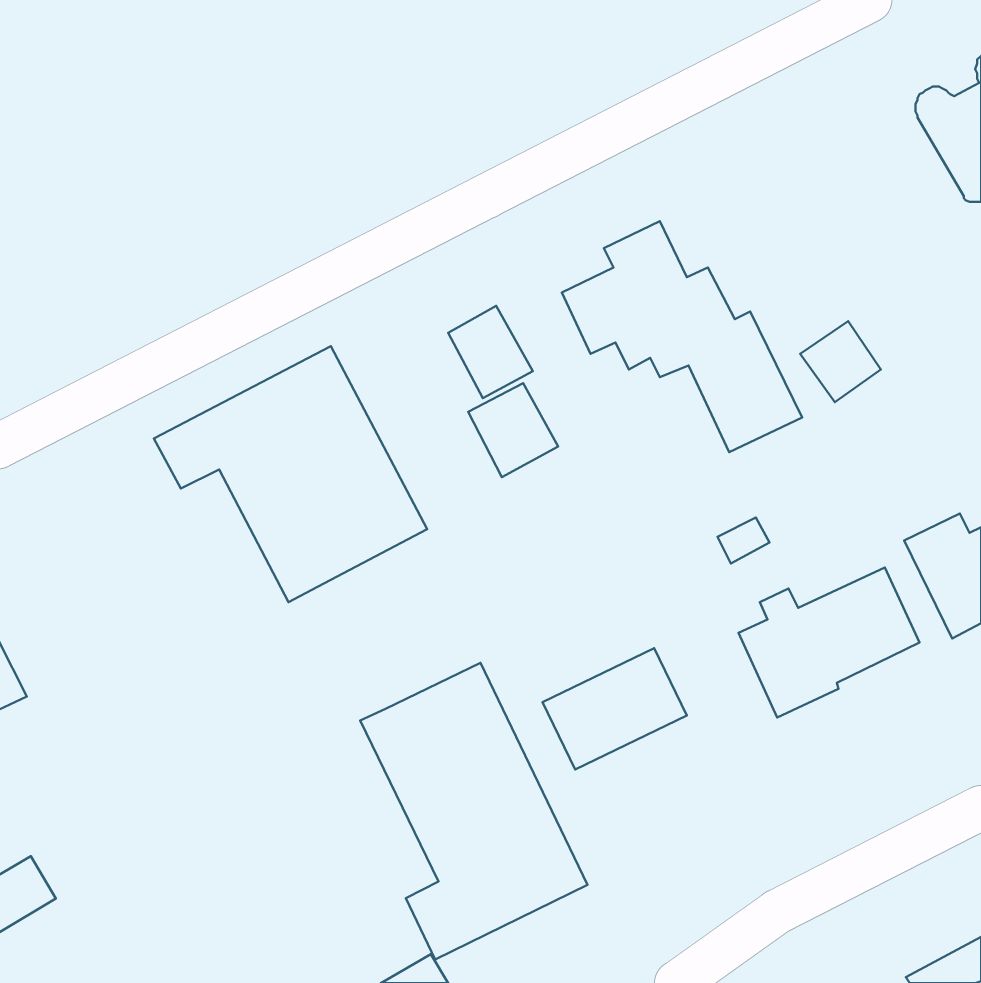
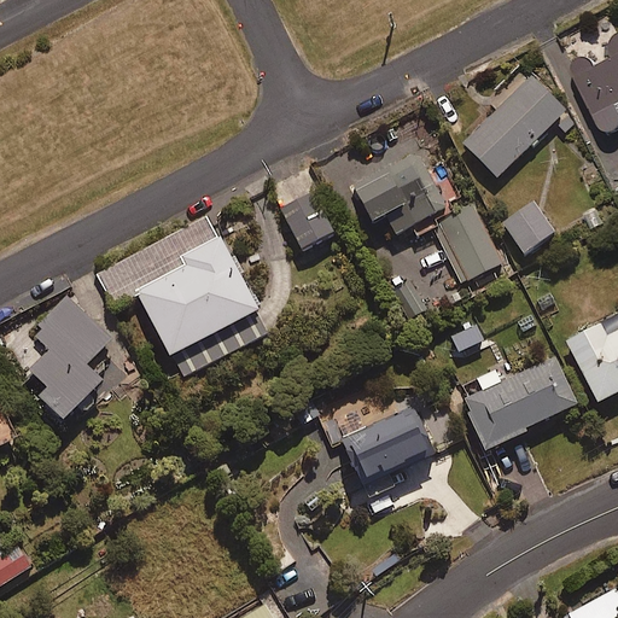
building: none -> [462,76,566,176]
building: [468,383,558,477] -> none
building: none -> [29,297,109,420]
building: [360,663,588,960] -> none

